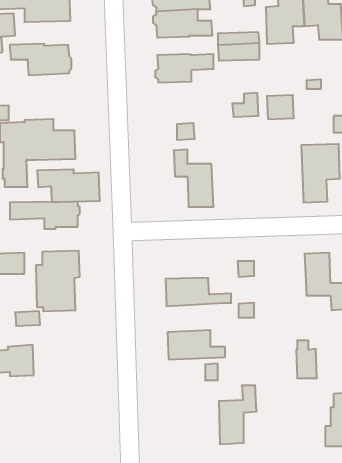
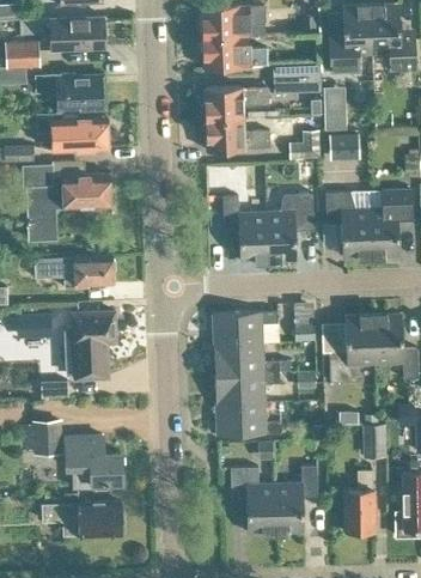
building: none -> [325,85,352,129]
building: none -> [202,118,270,151]
building: none -> [325,191,371,258]
building: none -> [266,194,313,262]
building: [37,169,100,202] -> [36,114,108,151]
building: none -> [212,311,277,345]
building: none -> [322,316,374,383]
building: none -> [214,372,280,406]
building: none -> [62,434,122,489]
building: none -> [230,468,275,534]
building: none -> [343,471,374,531]
building: none -> [43,503,123,537]

